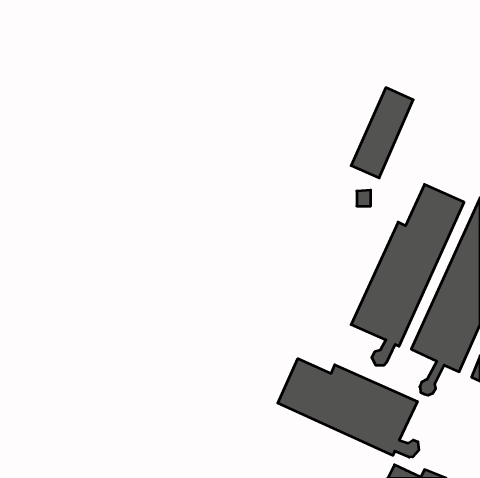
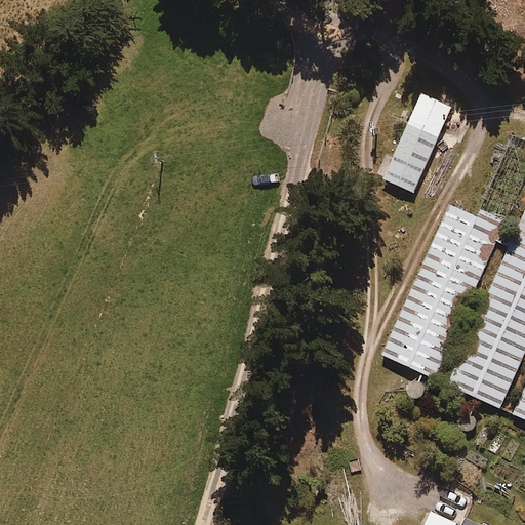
building: [278,359,419,457] -> none

